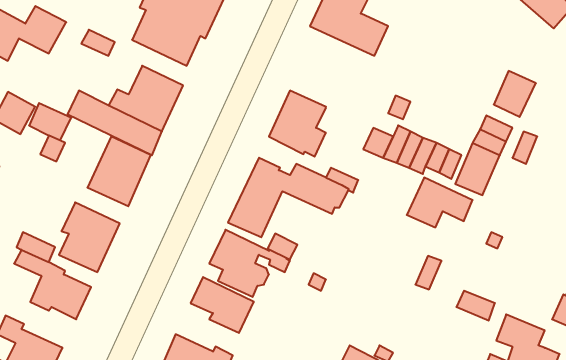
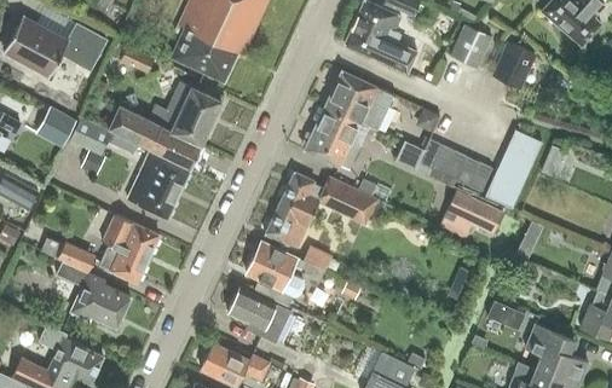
building: none -> [450,24,491,68]
building: none -> [324,70,394,131]
building: [494,71,536,117] -> [493,42,535,87]

